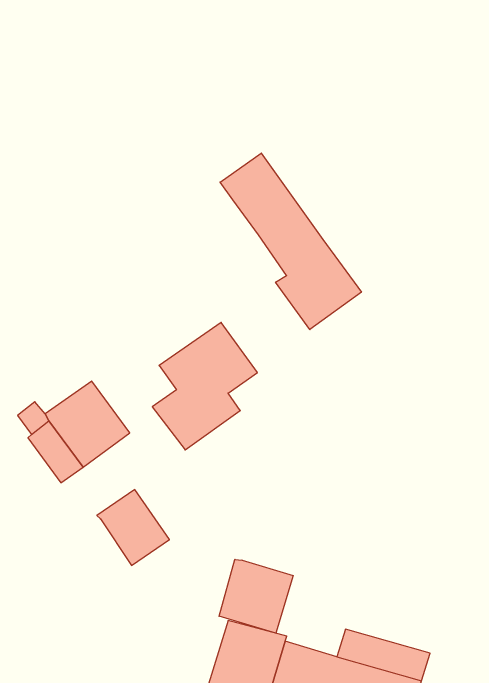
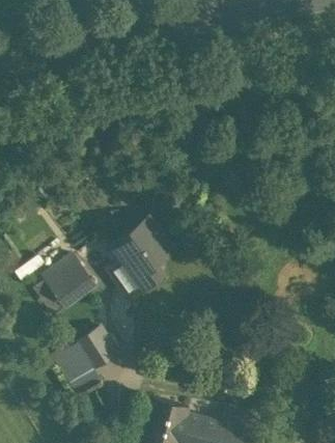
building: [220,153,361,330] -> none
building: none -> [55,339,97,384]
building: [219,559,293,633] -> none

